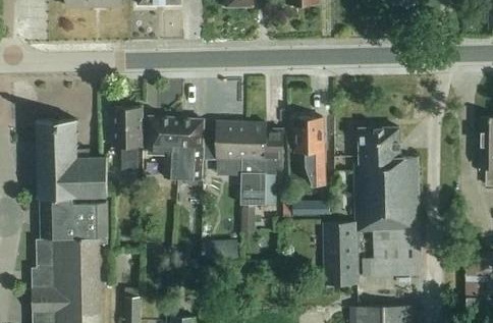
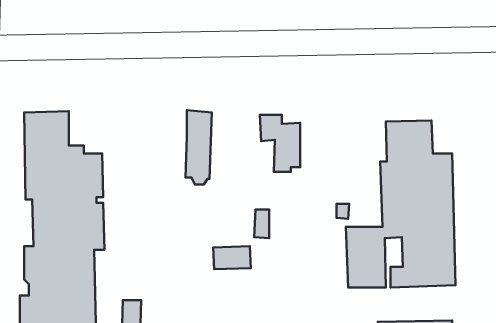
building: [112,107,143,169] -> none
building: [147,116,181,178] -> none
building: [294,117,326,185] -> none
building: [216,121,274,205] -> none

